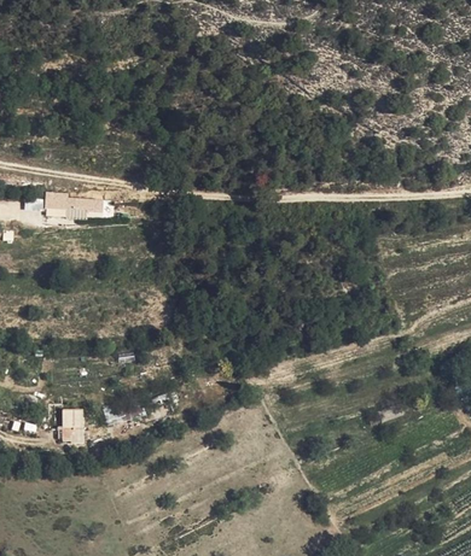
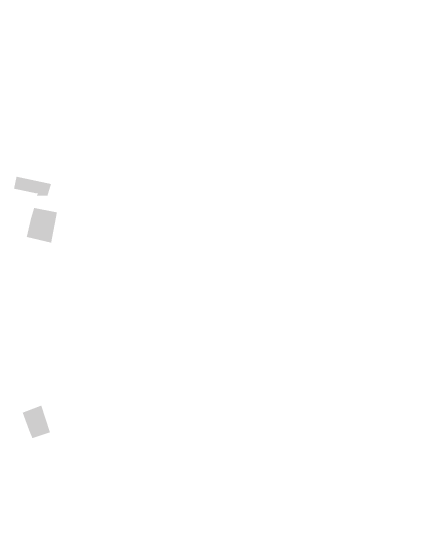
building: none -> [26,207,58,244]

